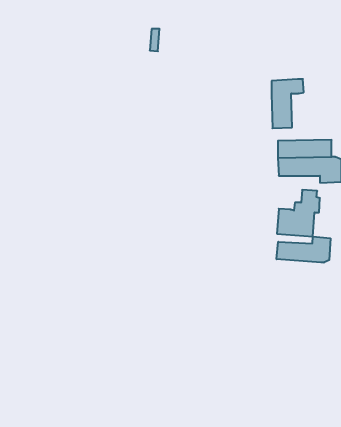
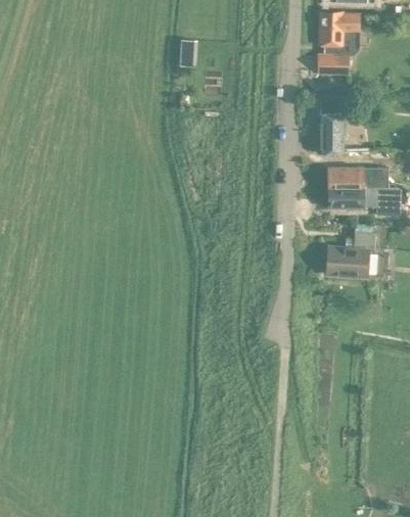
building: none -> [319,13,358,74]
building: [277,237,330,263] -> none

